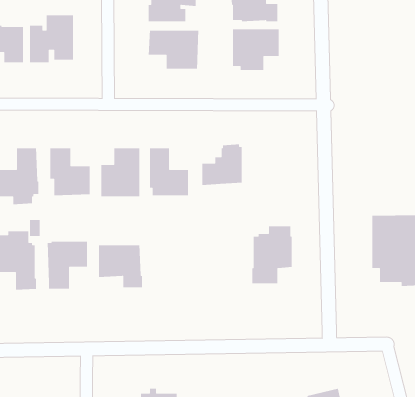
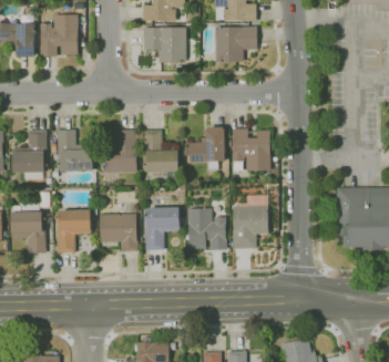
building: none -> [233,128,270,172]
building: none -> [145,207,180,250]
building: none -> [187,208,227,250]

